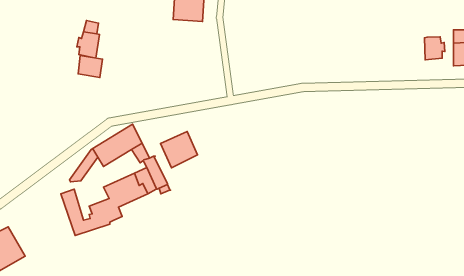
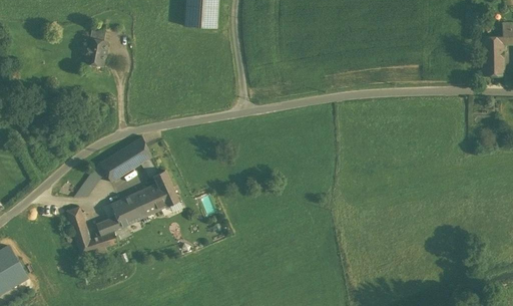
building: [424,37,445,60] -> none
building: [78,56,103,77] -> none
building: [160,131,198,168] -> none

